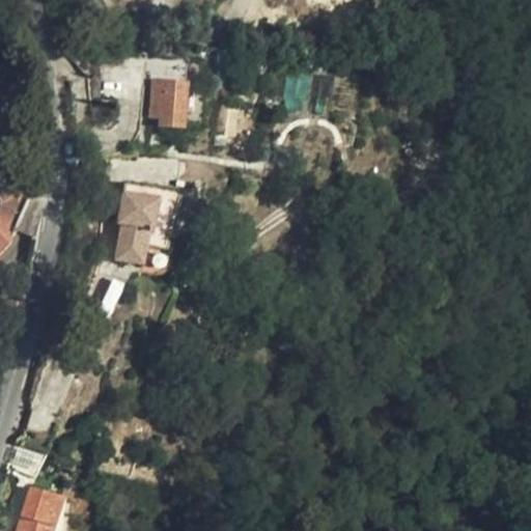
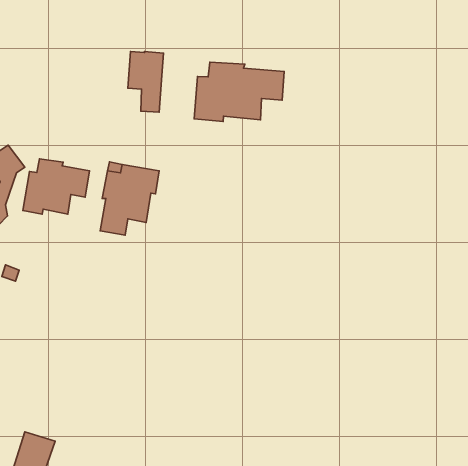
building: none -> [194,62,284,121]
building: none -> [23,159,89,214]

